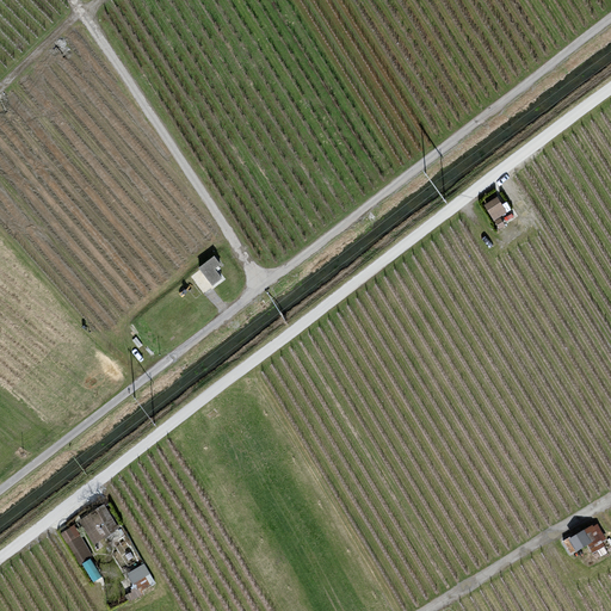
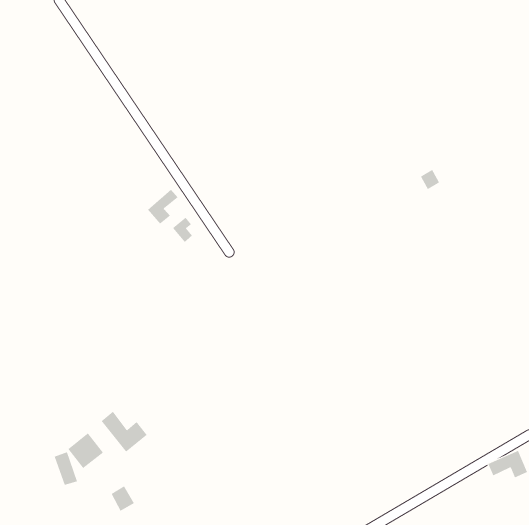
building: none -> [147,189,179,225]
building: none -> [101,411,147,453]

